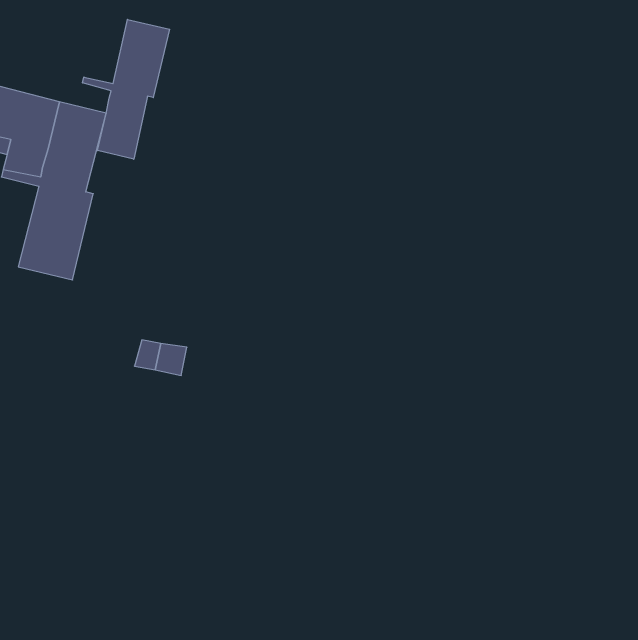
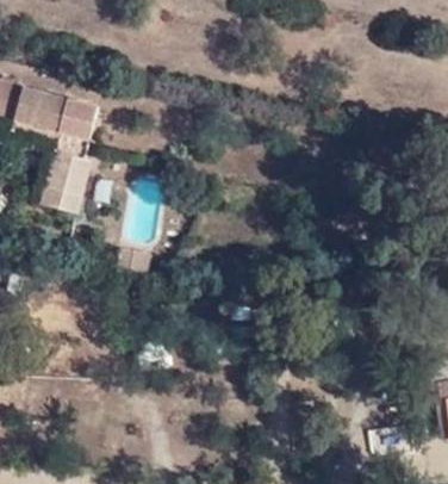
building: [83,19,170,159] -> none

